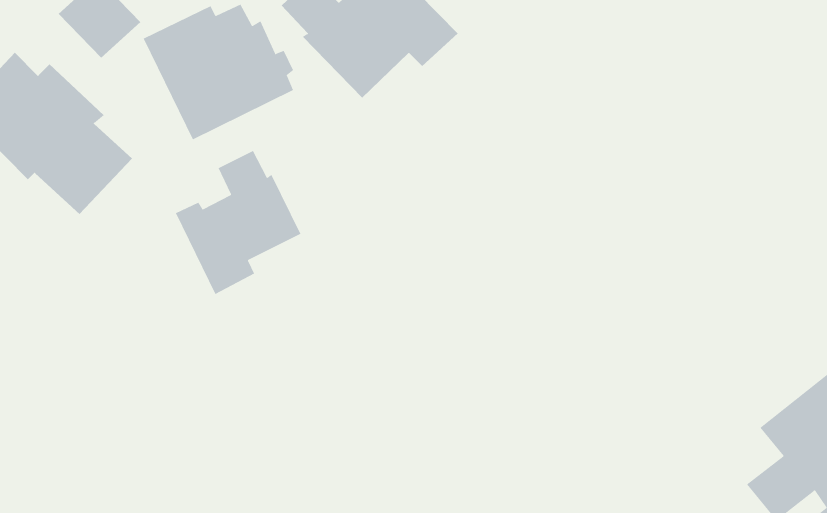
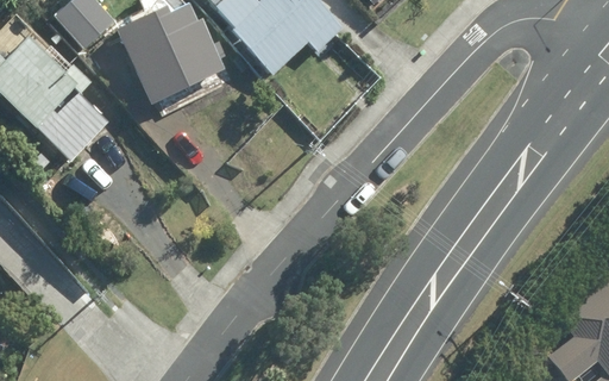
building: [175,150,301,295] -> none

